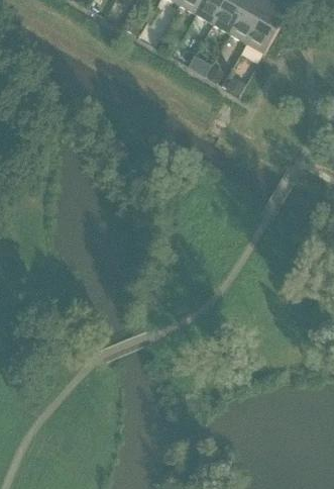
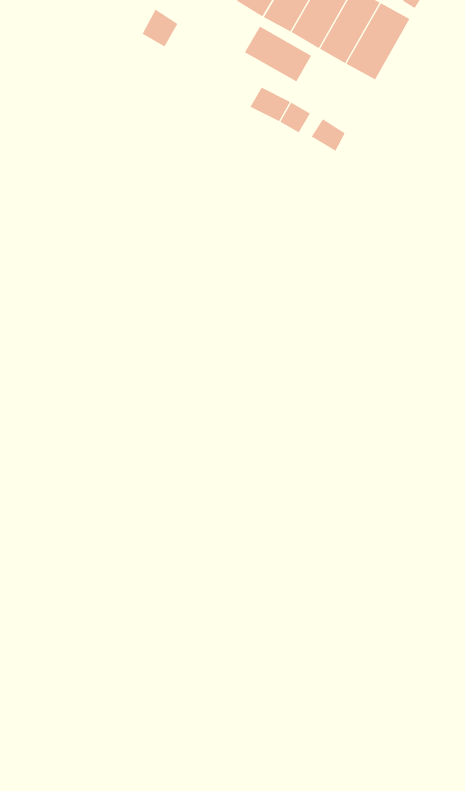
building: none -> [244,26,312,82]

